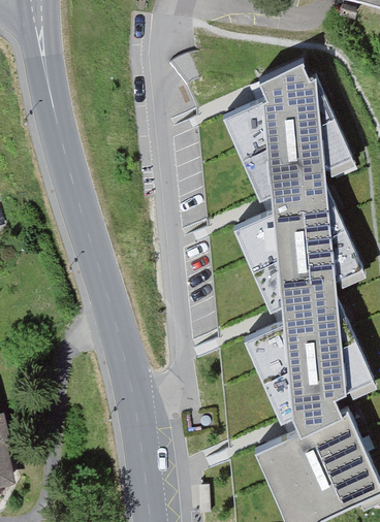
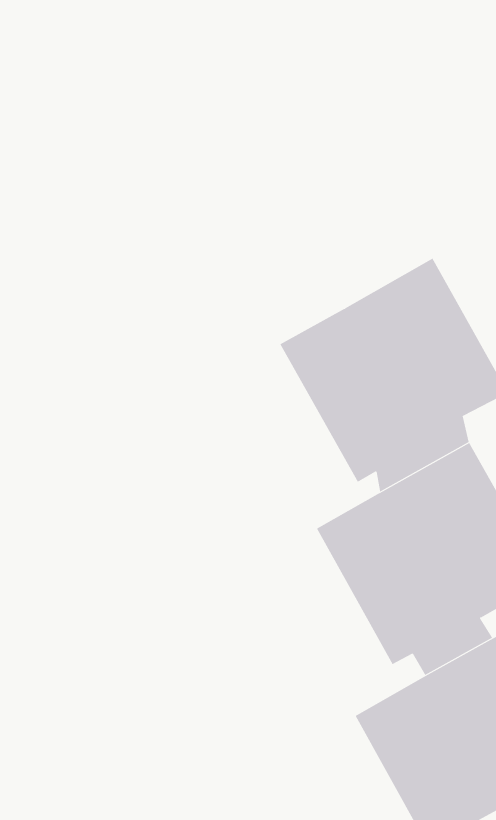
building: [222,62,353,211] -> none

